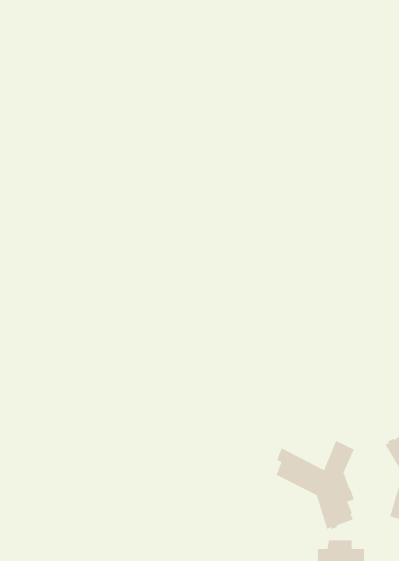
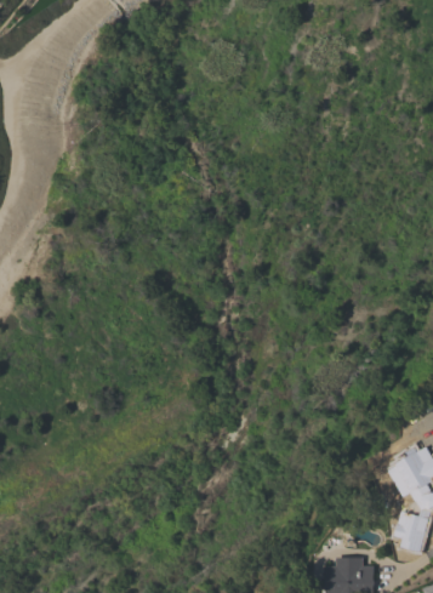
building: [276,440,355,530] -> none

